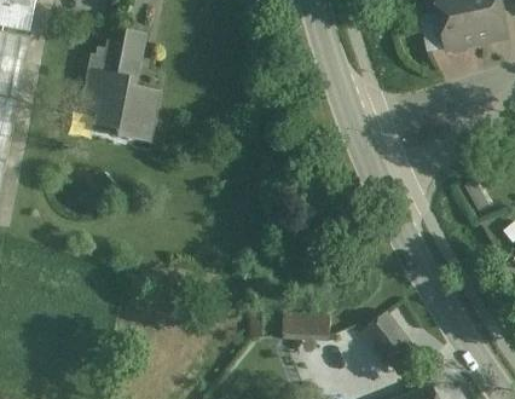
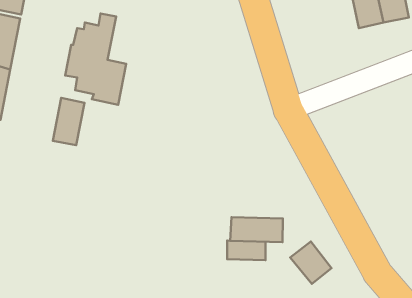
building: none -> [53,98,85,145]
building: none -> [230,217,283,242]

